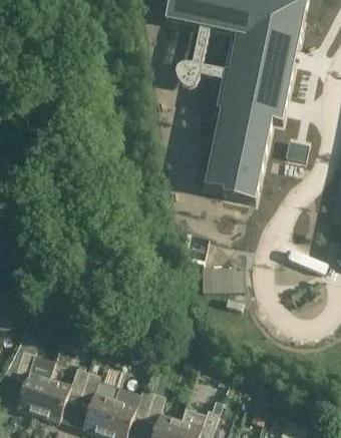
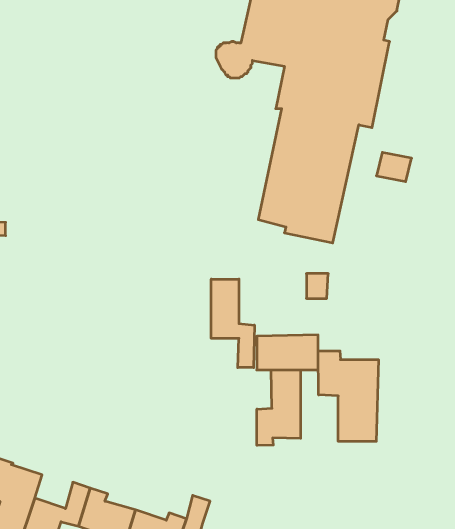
building: none -> [211,279,254,368]
building: none -> [318,351,378,441]
building: none -> [257,370,301,445]

